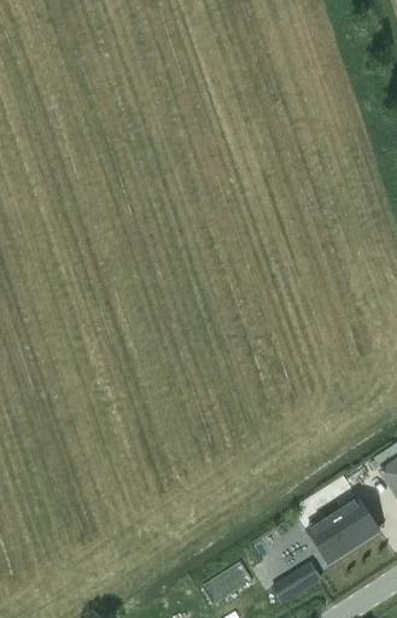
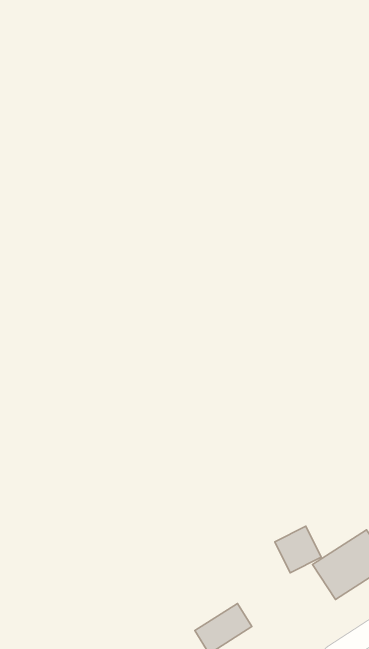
building: [269,554,313,597] -> [275,526,321,573]

